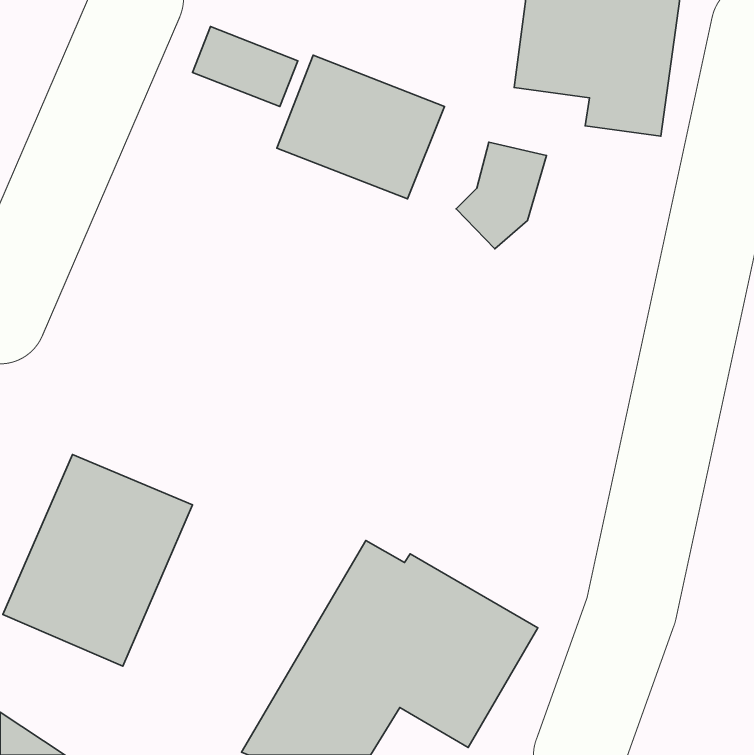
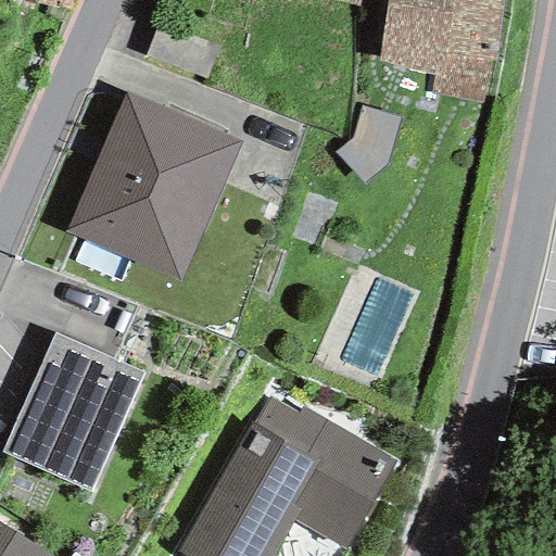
building: [277,55,445,199] -> none
building: none -> [66,90,243,281]

